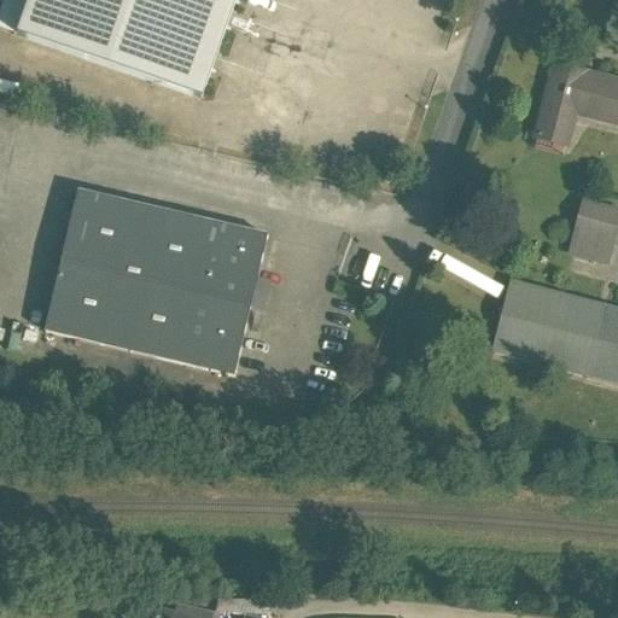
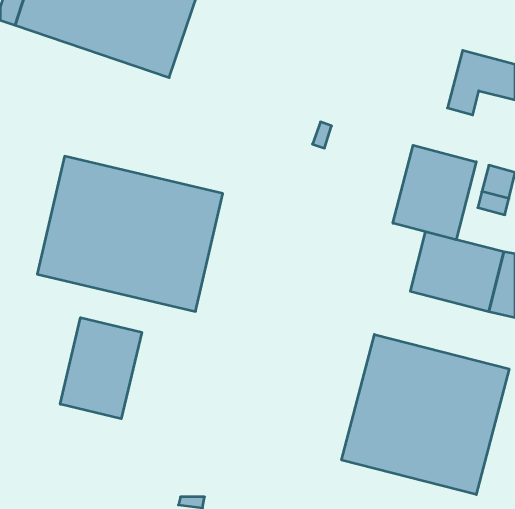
building: none -> [393,145,476,240]
building: none -> [60,318,142,419]
building: none -> [342,334,509,495]

